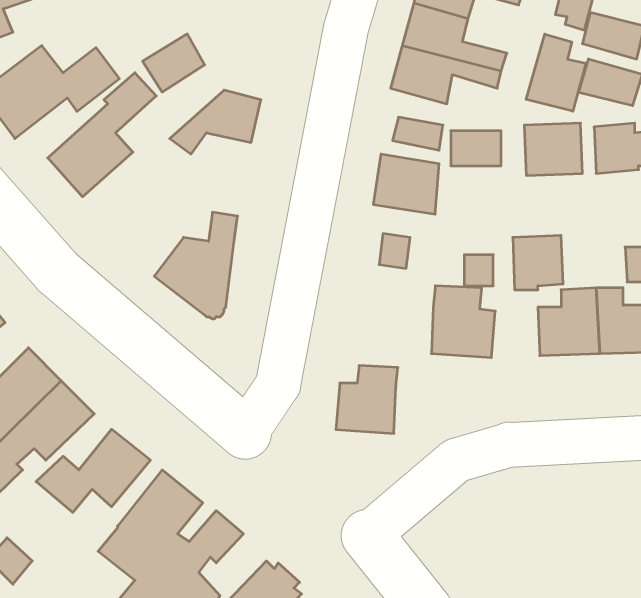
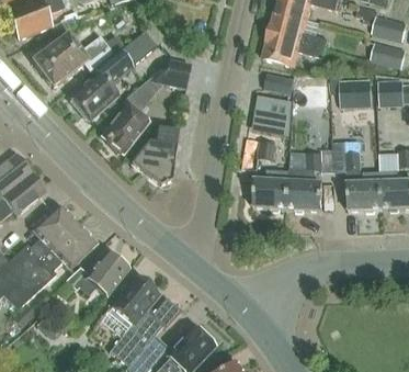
building: [526,34,586,111] -> none
building: none -> [101,87,152,154]
building: [336,366,398,433] -> [254,170,289,208]

